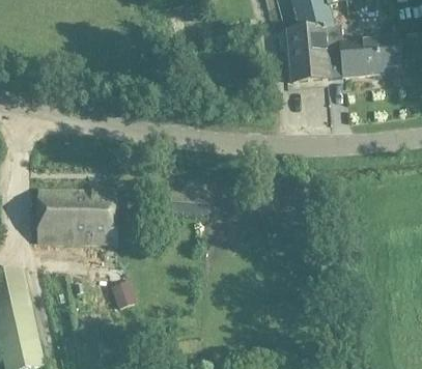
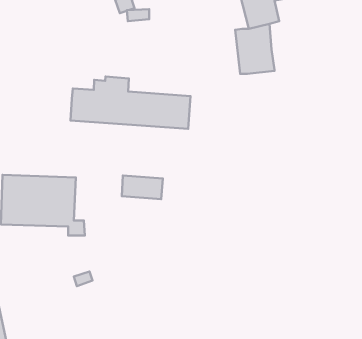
building: [321,26,398,79] -> none
building: none -> [71,77,190,129]

